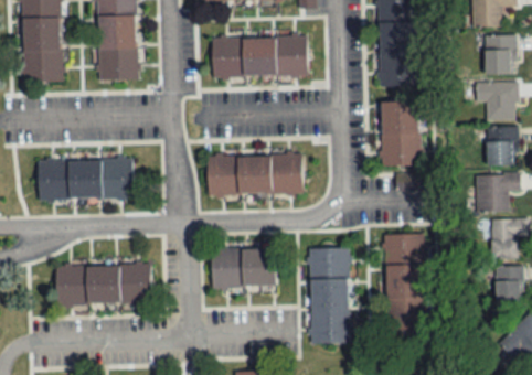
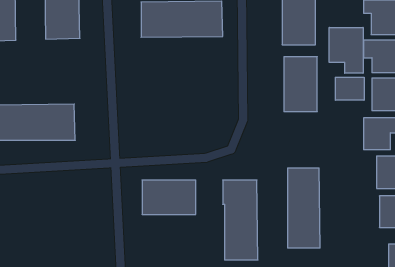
building: none -> [329,27,363,73]
building: none -> [335,77,364,100]
building: [208,154,302,196] -> none
building: [55,265,151,307] -> none

